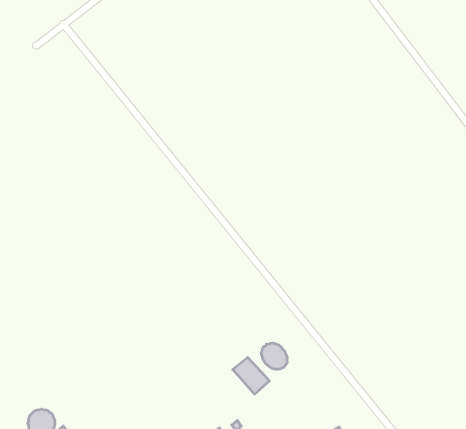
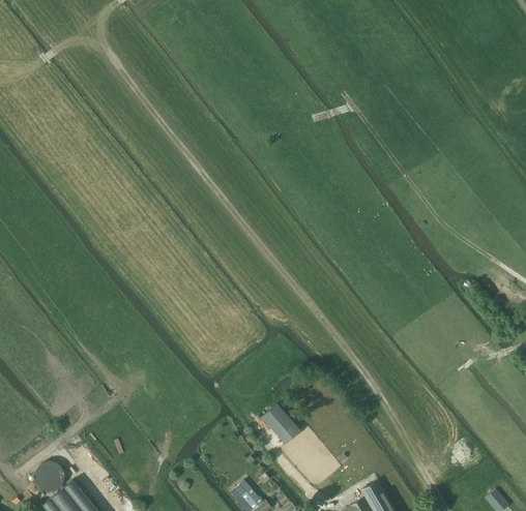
building: [261,343,287,369] -> none

